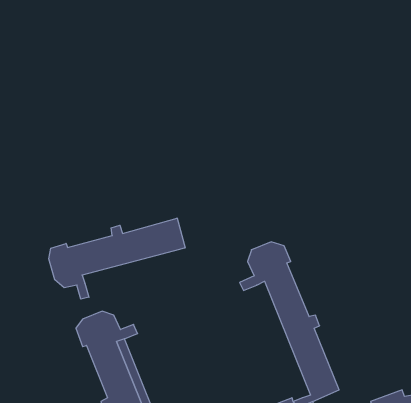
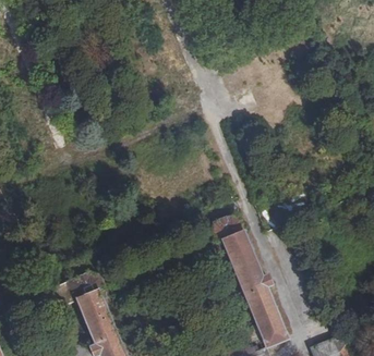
building: [49,218,185,299] -> none

